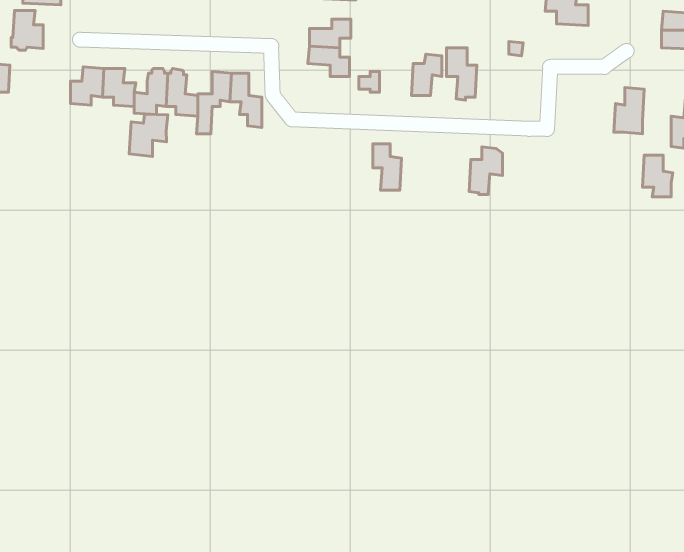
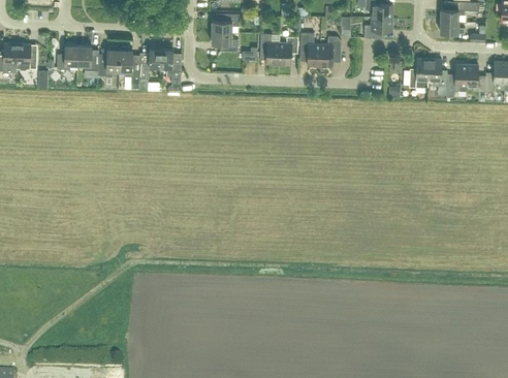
building: [11,10,43,50] -> [15,43,36,69]
building: none -> [363,17,392,38]
building: [129,114,168,156] -> none
building: [373,144,401,190] -> [260,33,279,63]
building: [469,147,503,195] -> [319,35,341,66]
building: [643,155,673,197] -> [427,59,447,86]

